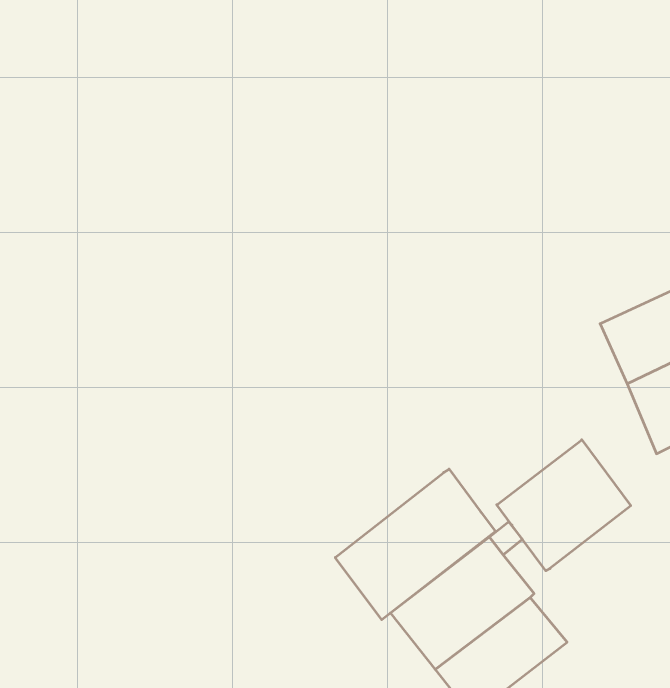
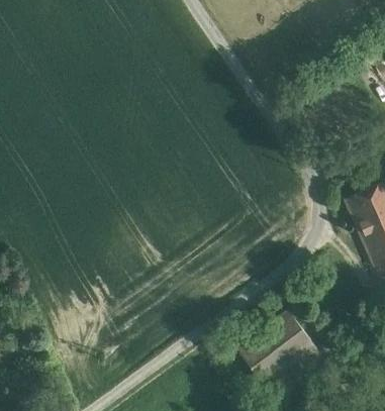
building: [497,440,631,571] -> none
building: [335,469,496,620] -> none

